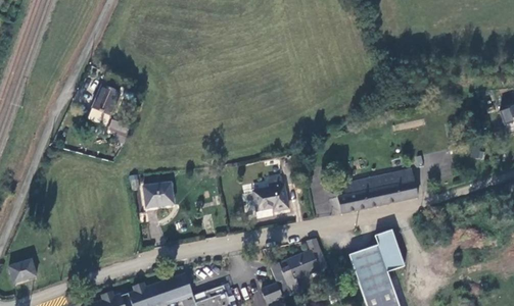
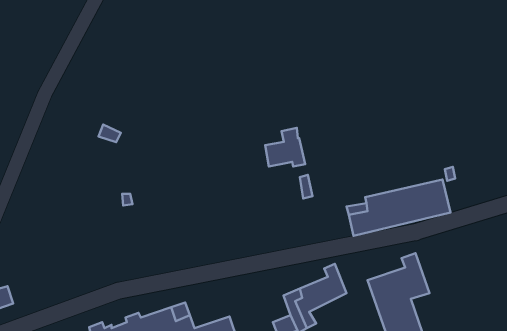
building: [93,83,120,113] -> none
building: [254,174,289,208] -> [265,128,305,166]
building: [144,181,174,207] -> none

